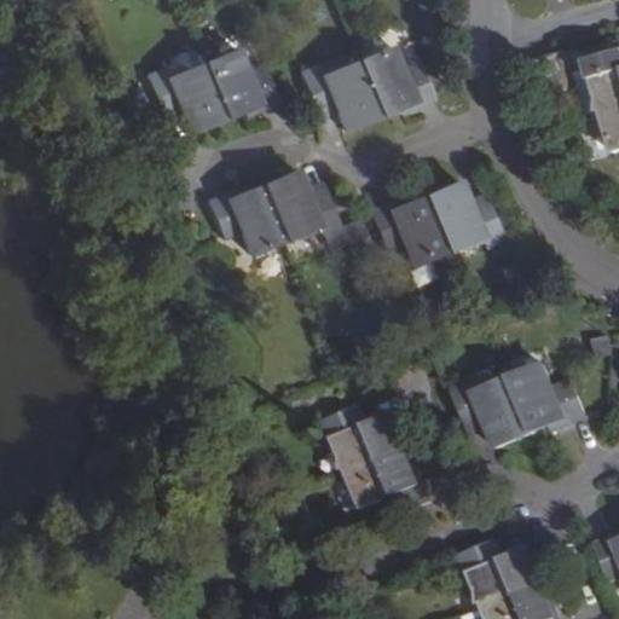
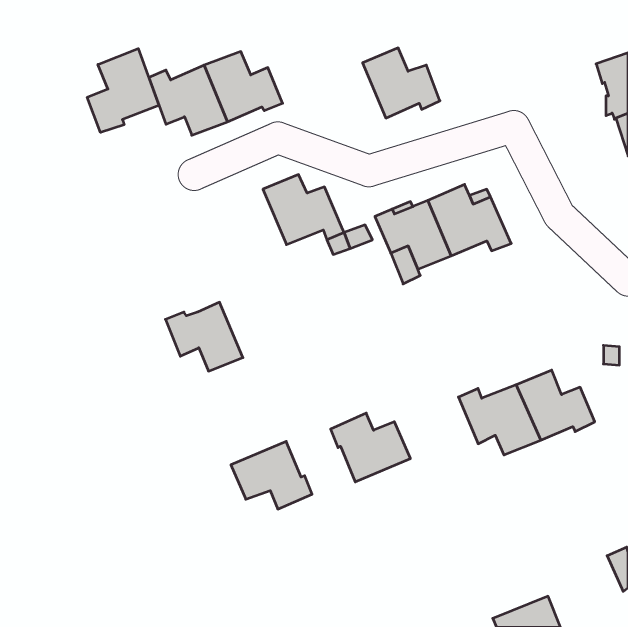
building: none -> [87,49,159,132]
building: [299,62,380,129] -> none
building: [206,186,282,254] -> [165,302,243,371]
building: [349,451,429,517] -> [231,441,312,509]
building: [461,542,539,608] -> none

